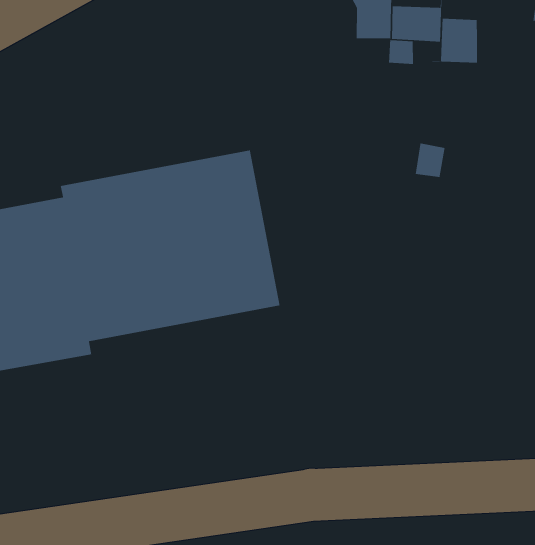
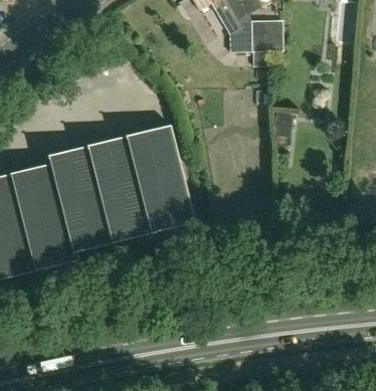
building: [423,18,478,63] -> none

